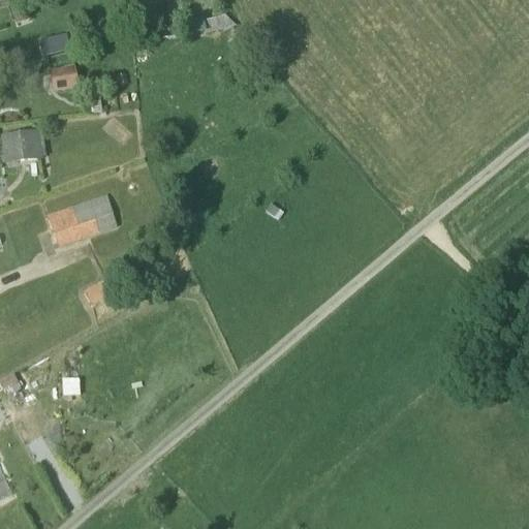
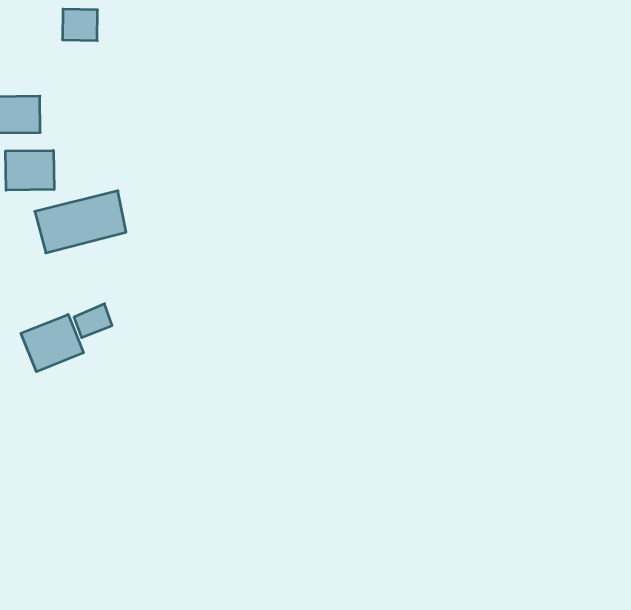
building: none -> [6,150,54,190]
building: none -> [21,314,83,372]

